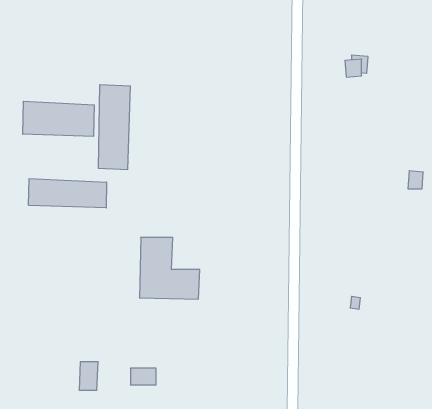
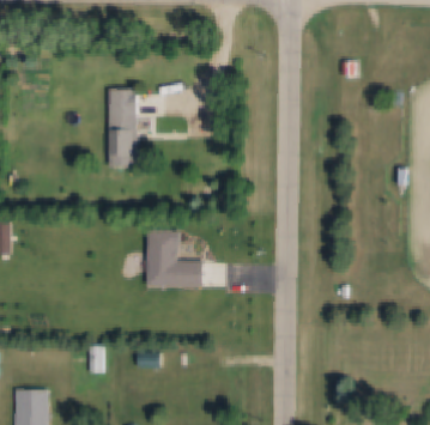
building: [23,101,94,136] -> none
building: [29,179,107,208] -> none

